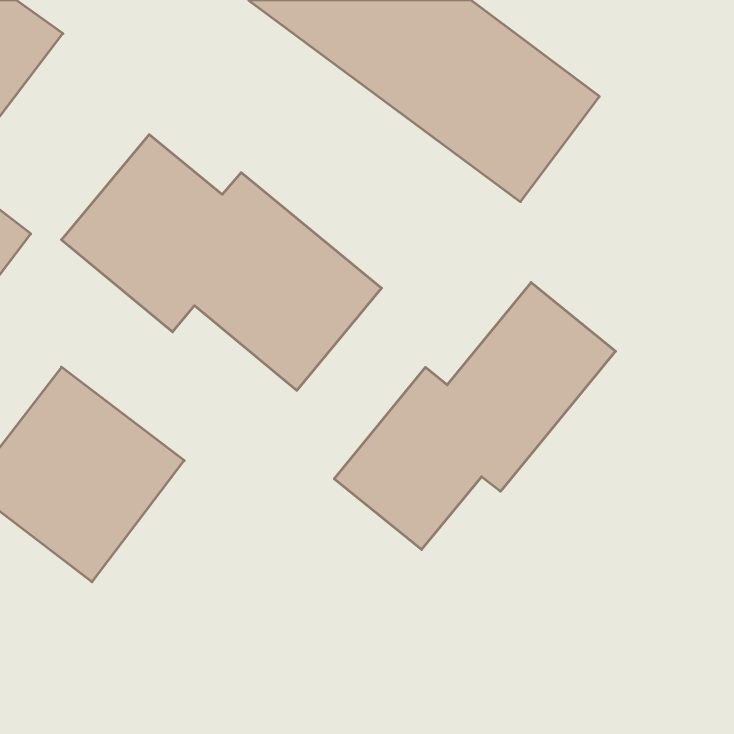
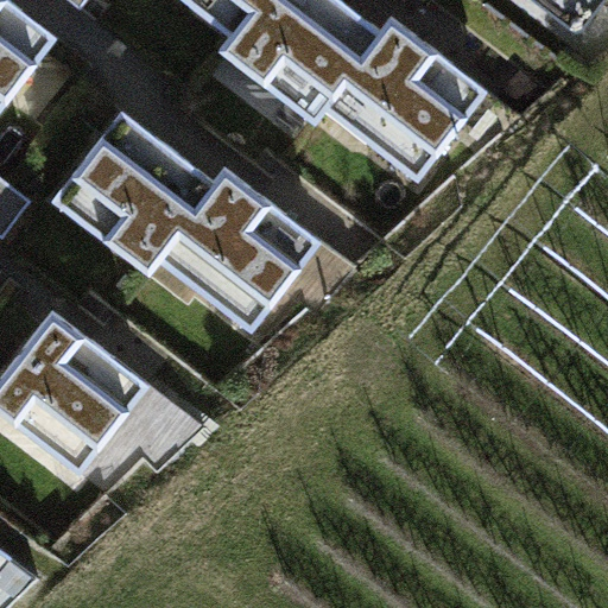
building: [334,282,616,550] -> none

